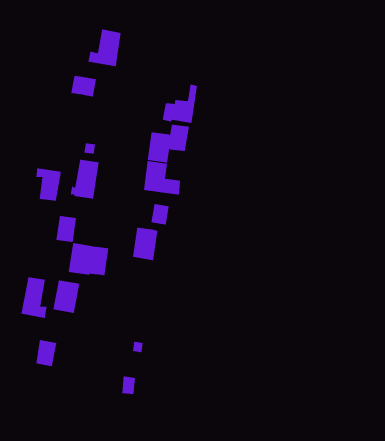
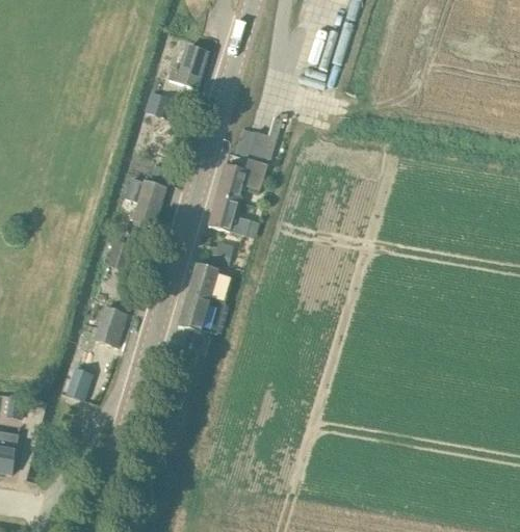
building: [36,167,61,202] -> none
building: [68,242,109,276] -> [177,294,225,335]
building: [21,277,47,319] -> none

